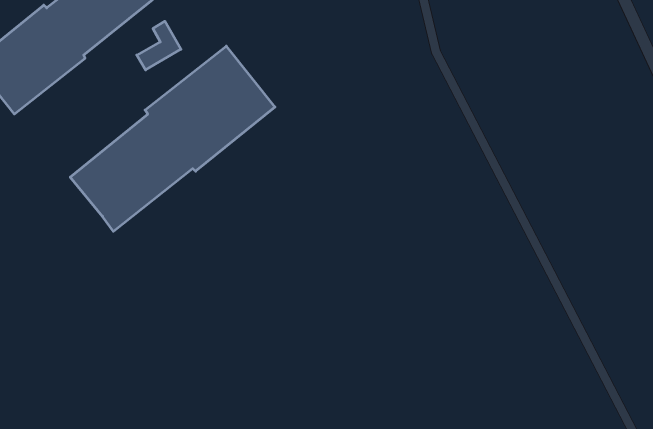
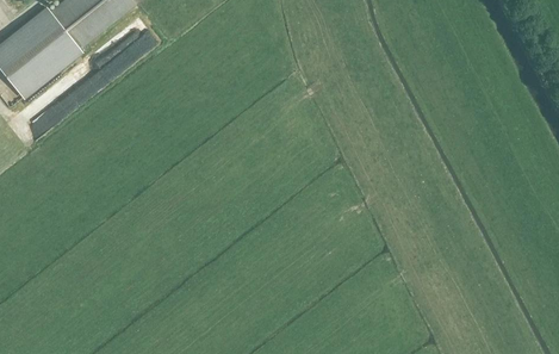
building: [70,46,275,231] -> none

